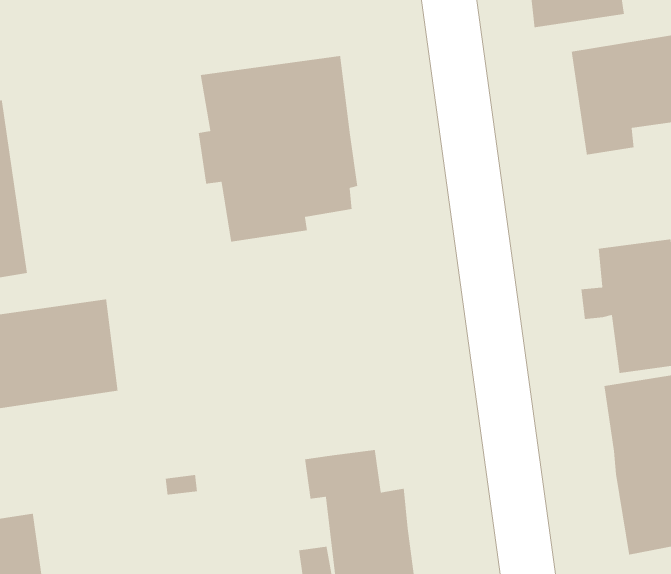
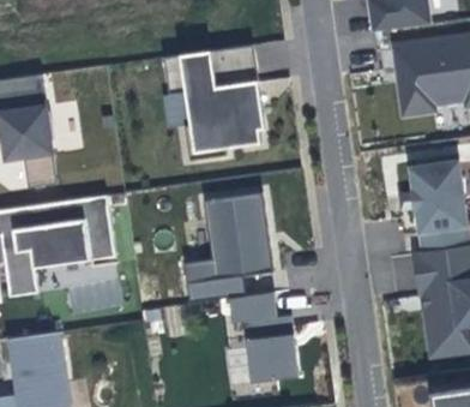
building: none -> [185,194,272,303]

